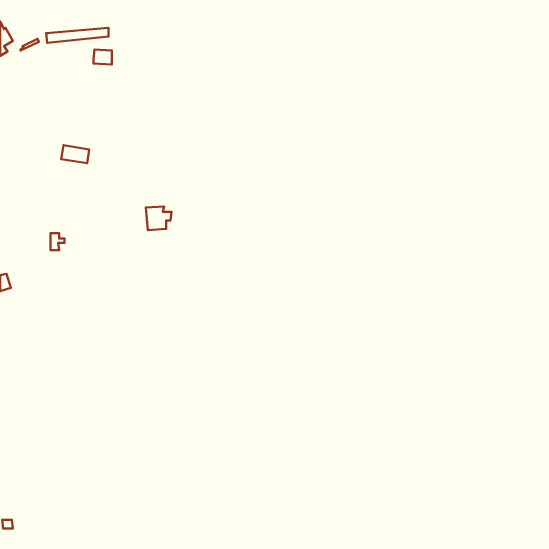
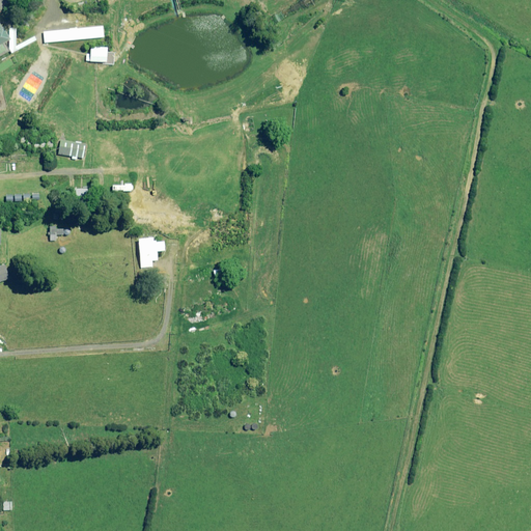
building: [146,206,172,230] -> [135,234,160,257]

